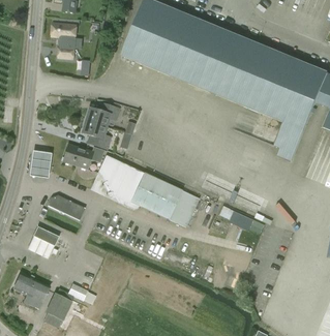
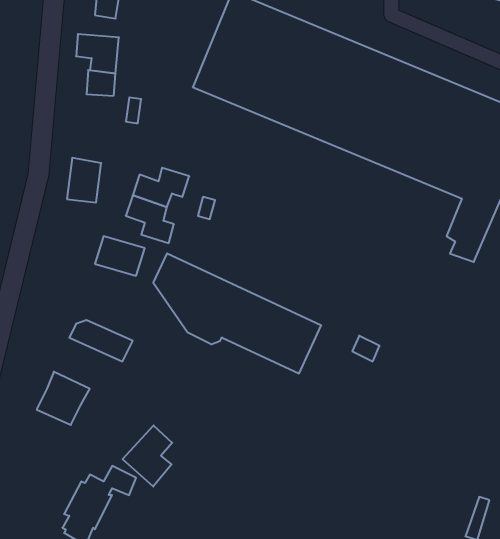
building: [29,155,50,182] -> [67,158,101,203]
building: none -> [123,425,172,487]
building: [12,273,49,309] -> none

